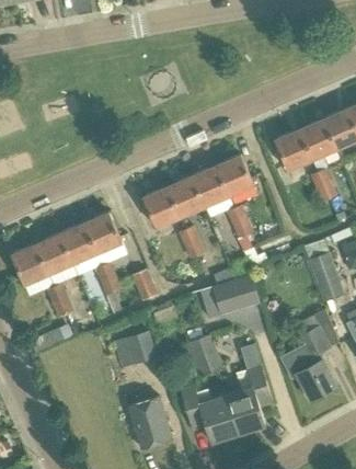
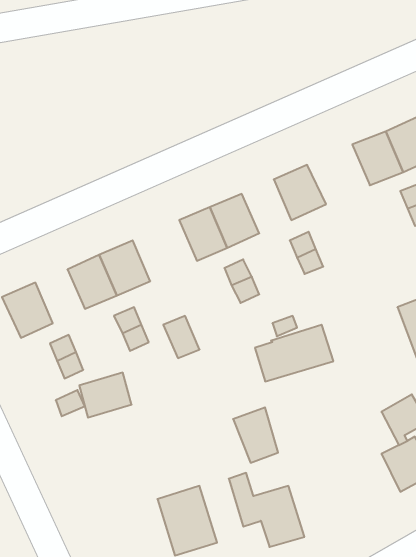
building: [191,165,228,206] -> none
building: [35,233,72,274] -> none
building: [117,333,157,367] -> [79,373,132,418]
building: [226,366,272,435] -> none

